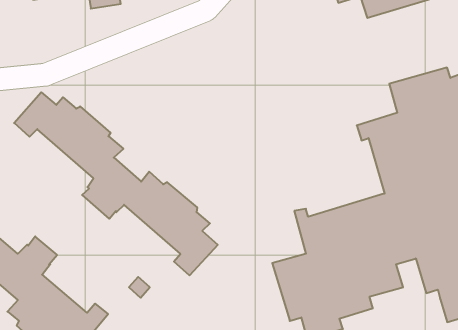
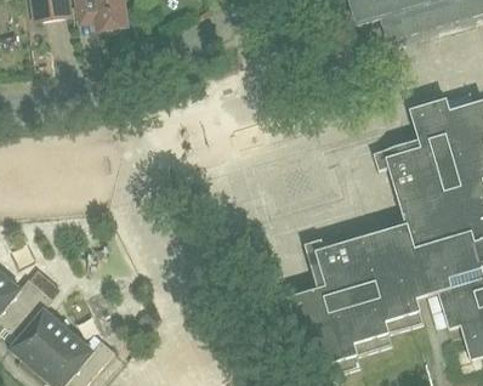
building: [14,92,218,275] -> none

